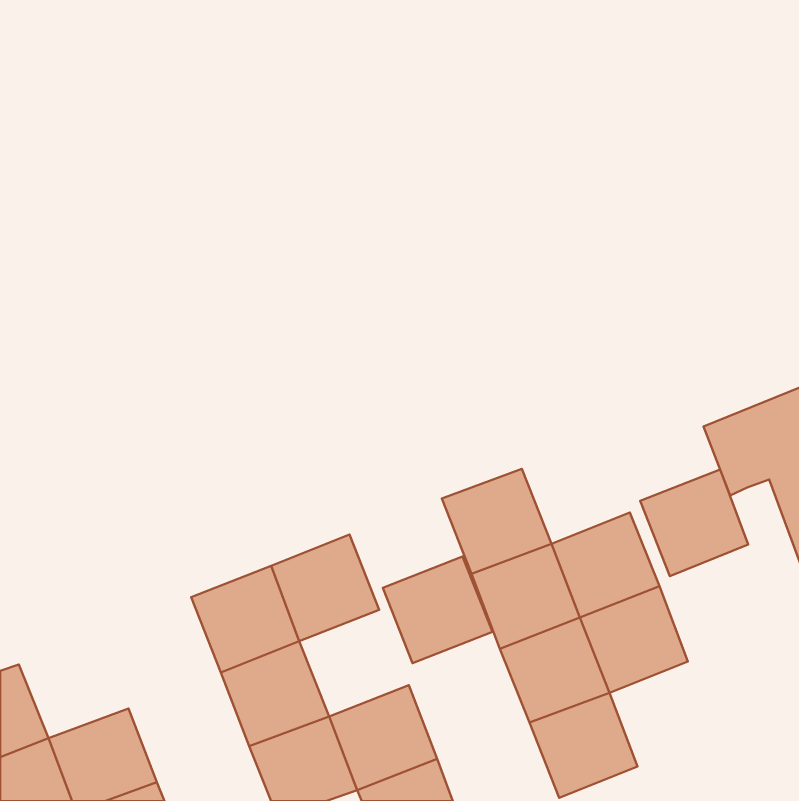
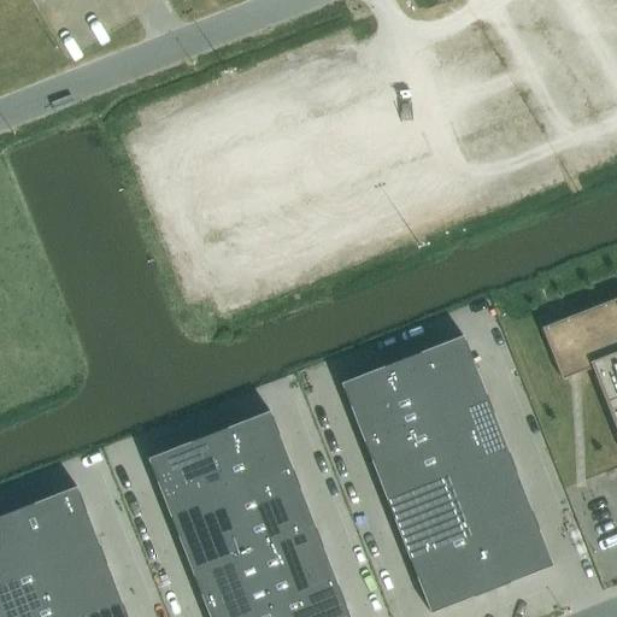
building: [640,469,748,576] -> [402,336,486,418]
building: [383,557,492,663] -> [231,469,316,551]
building: none -> [16,487,100,568]
building: none -> [470,509,553,589]

